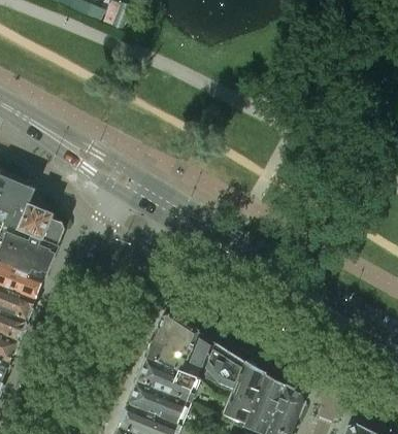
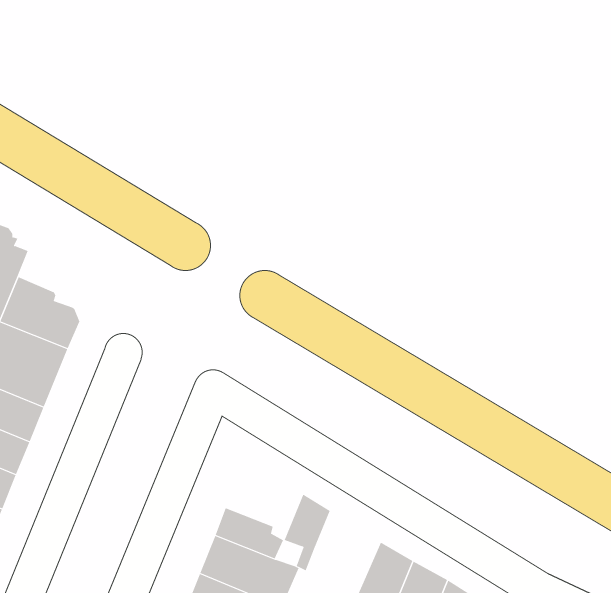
building: [152,314,198,361] -> none
building: [205,343,244,388] -> none

